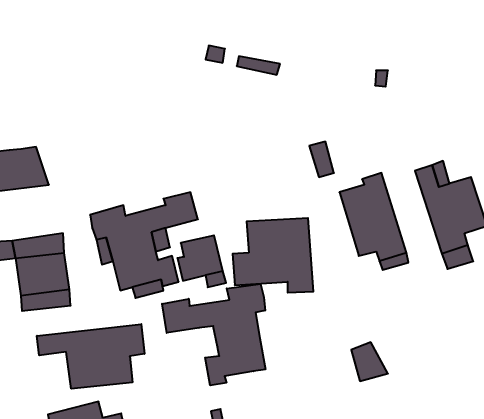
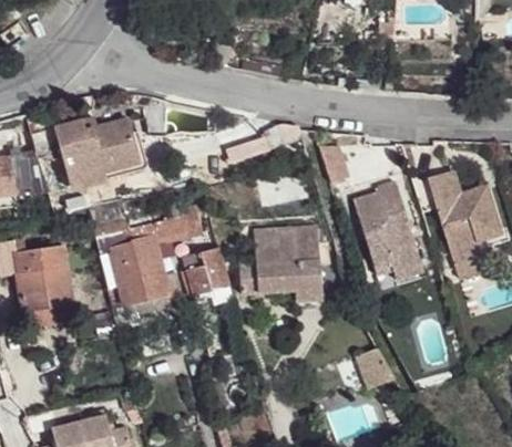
building: none -> [59,129,144,202]
building: [162,284,265,385] -> none
building: [37,324,144,389] -> none

